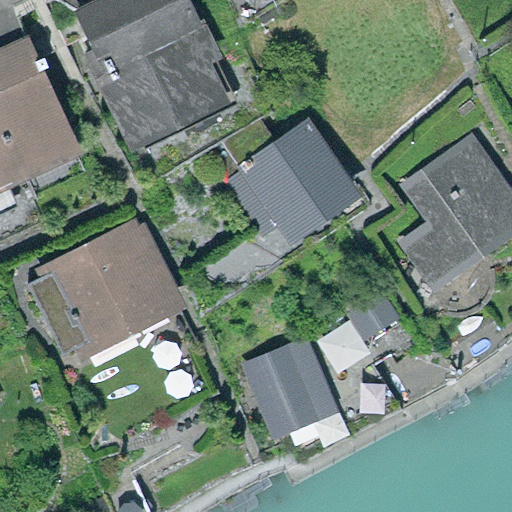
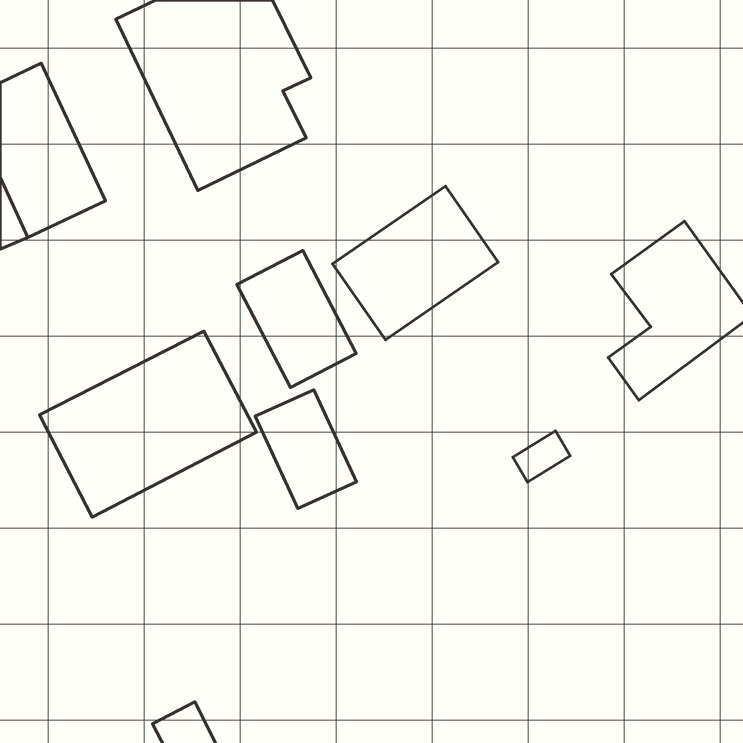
building: none -> [237,251,356,388]
building: [251,353,320,434] -> [255,390,356,508]

